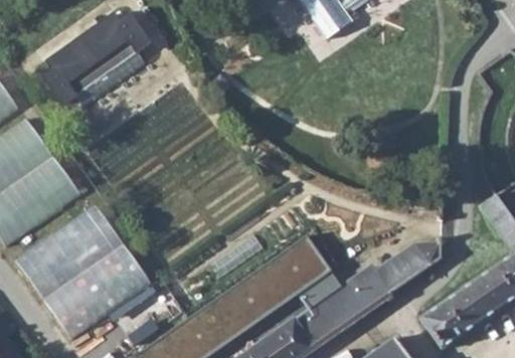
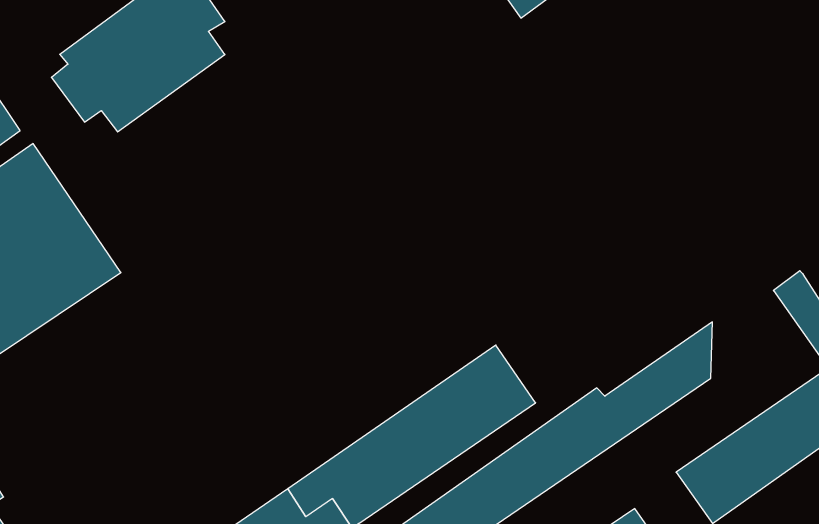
building: [16,202,153,339] -> none

